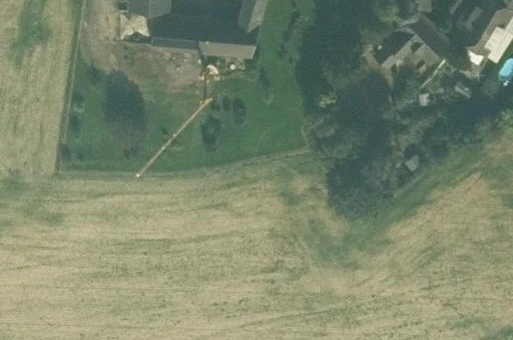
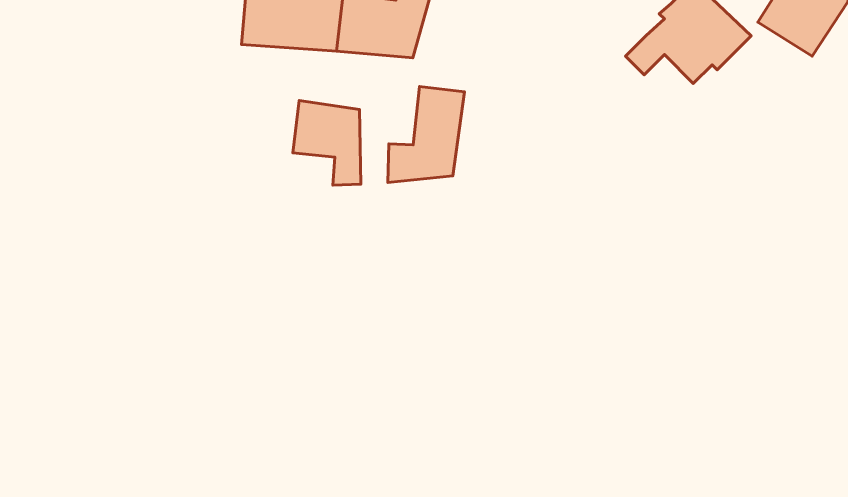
building: none -> [388,87,465,182]
building: none -> [293,100,361,185]

